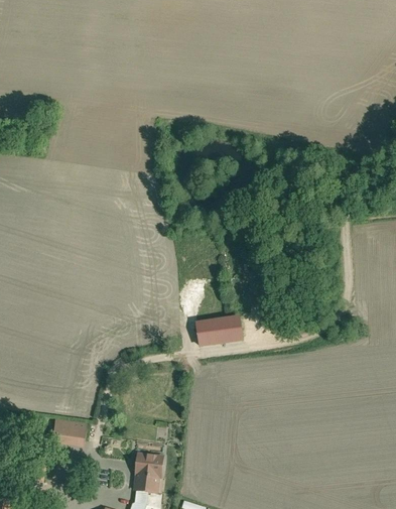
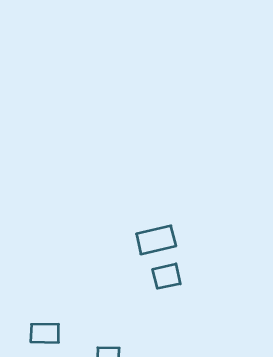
building: none -> [153,264,180,288]

